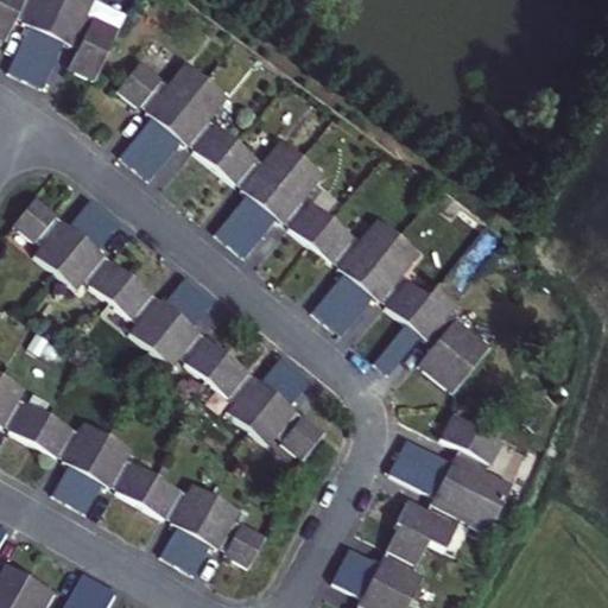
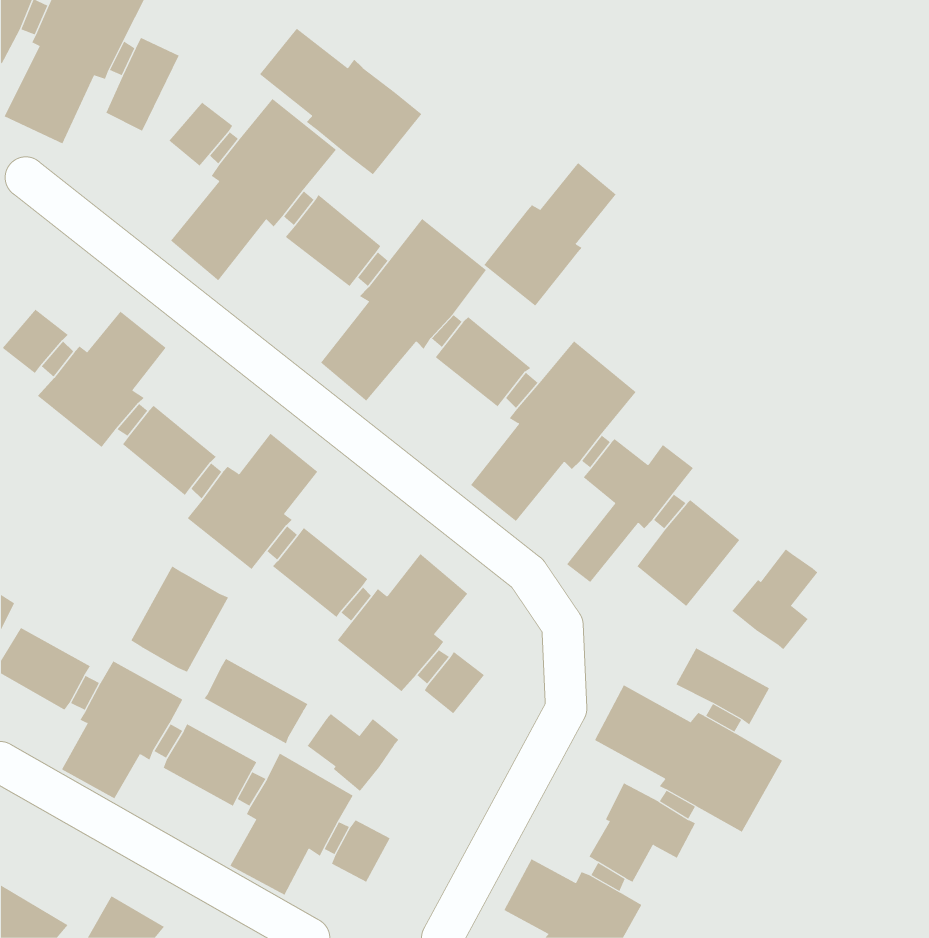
building: none -> [259,28,422,175]
building: none -> [484,162,617,306]
building: none -> [731,549,818,650]
building: none -> [131,566,229,673]
building: none -> [204,658,308,744]
building: none -> [307,713,399,792]

